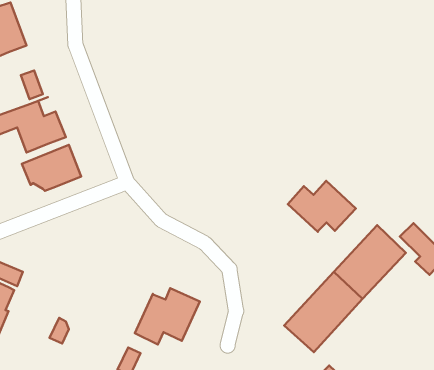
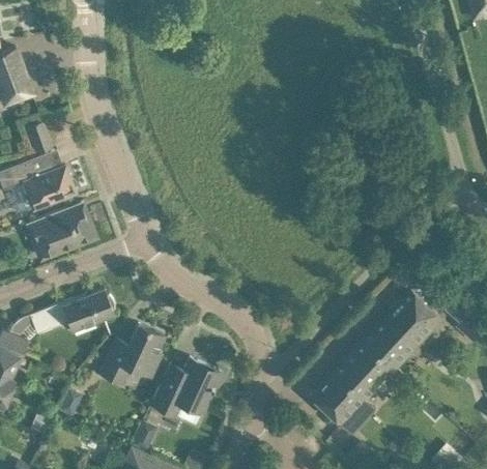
building: [288,181,356,232] -> none
building: none -> [28,291,113,334]
building: none -> [97,324,163,386]

